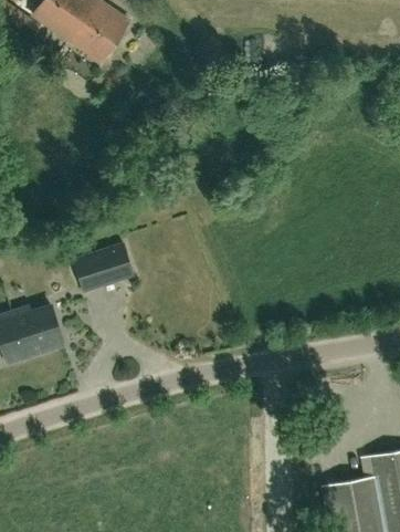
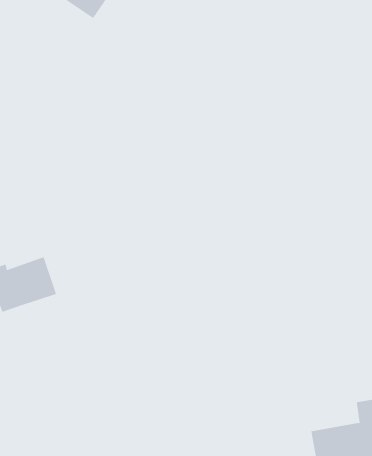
building: [73,243,133,289] -> none

